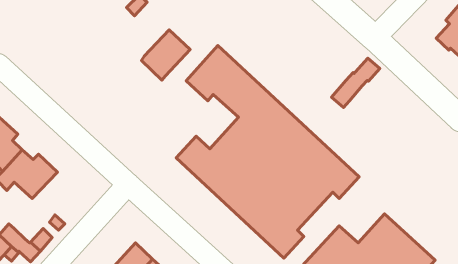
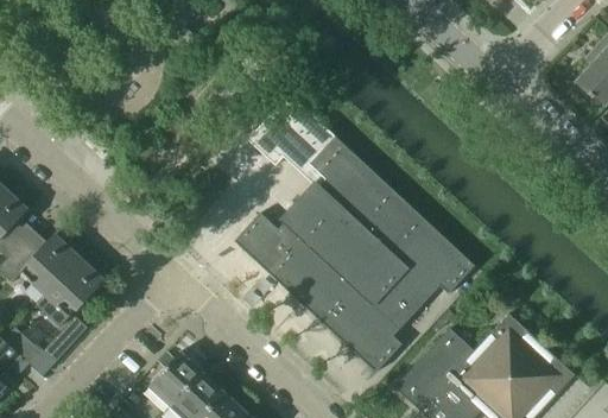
building: [142,30,190,80] -> none
building: [331,58,380,108] -> none
building: none -> [36,258,102,325]

